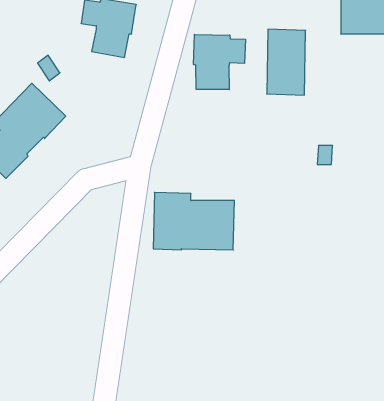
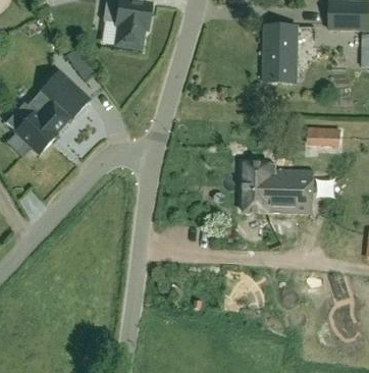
building: [194,34,245,90] -> none
building: [153,192,234,250] -> [245,163,315,213]

